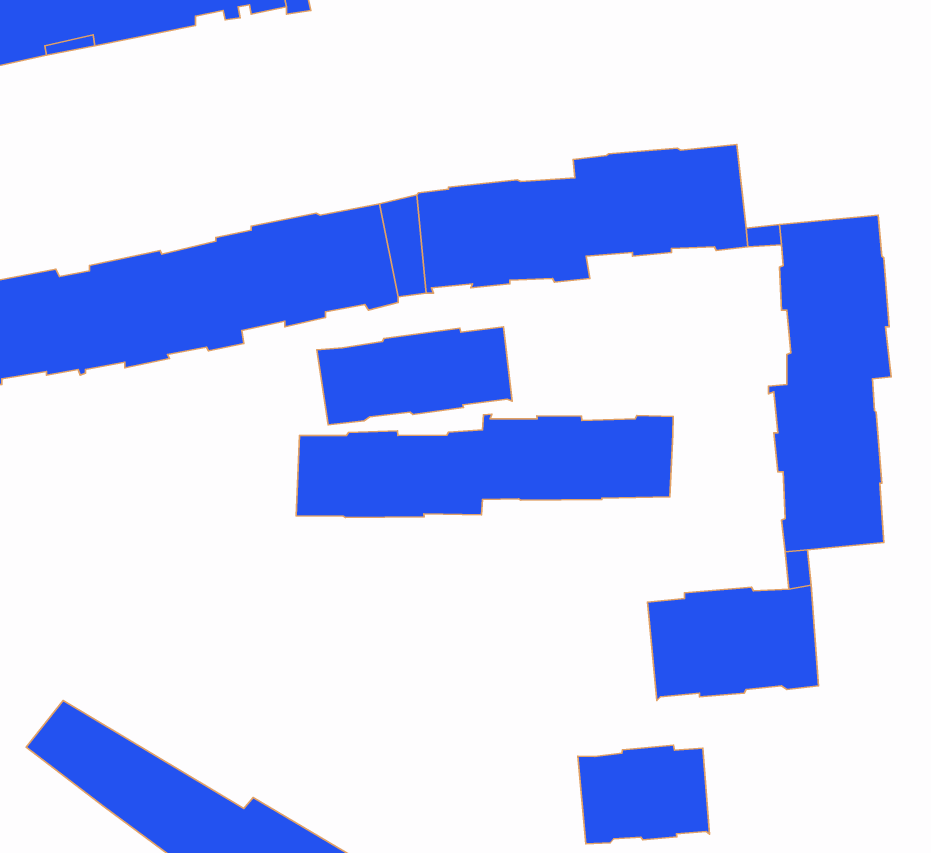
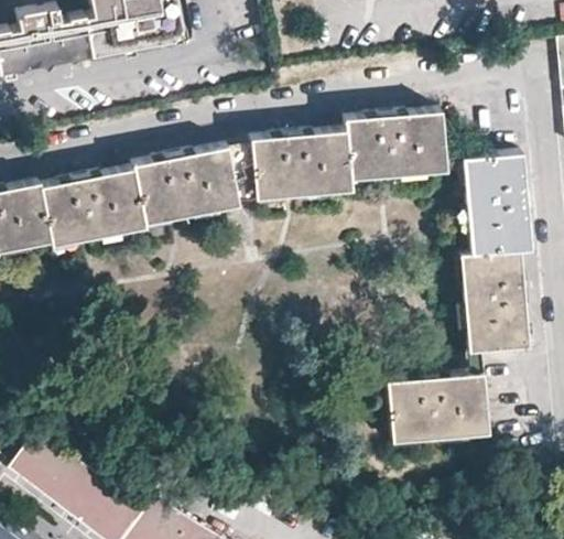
building: [317,327,512,425] -> none
building: [296,414,673,517] -> none
building: [578,745,710,844] -> none

